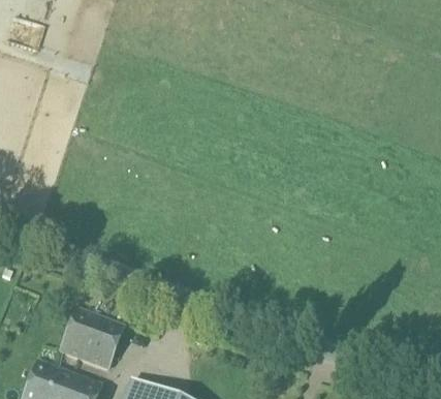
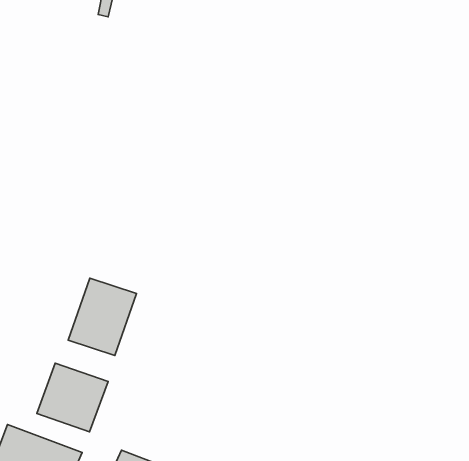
building: none -> [68,278,136,355]

